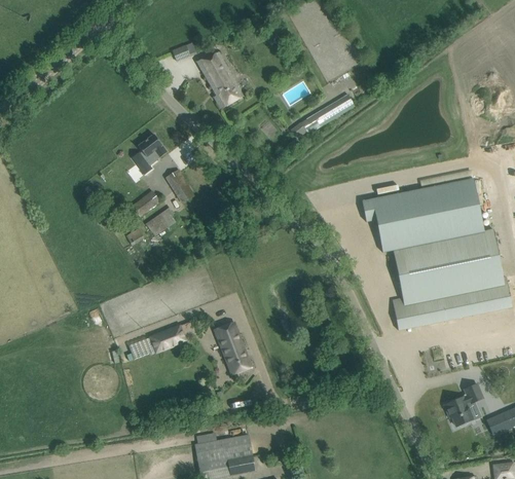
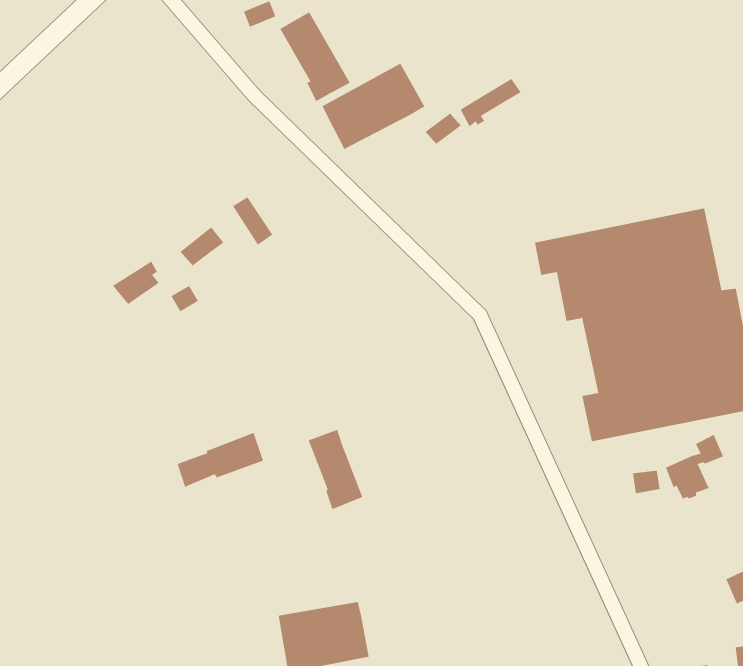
building: none -> [322,63,425,150]
building: [132,133,167,173] -> none
building: [145,206,176,234] -> [112,261,159,305]
building: [445,382,483,425] -> [665,434,724,499]

